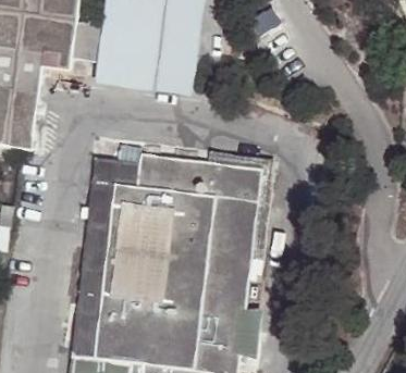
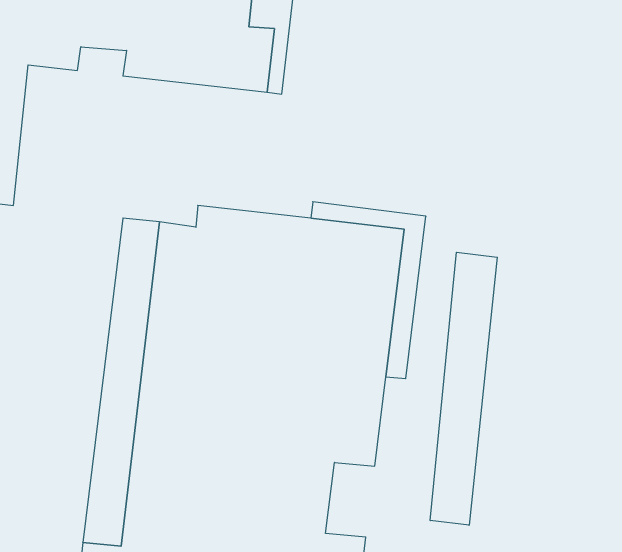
building: none -> [430,252,497,525]
building: [216,304,261,350] -> none

